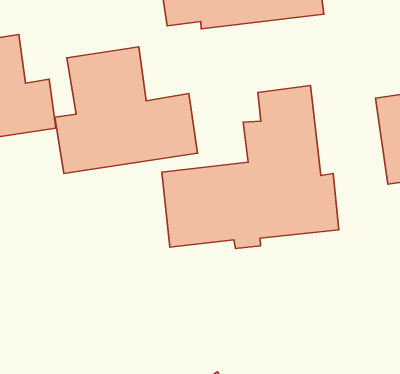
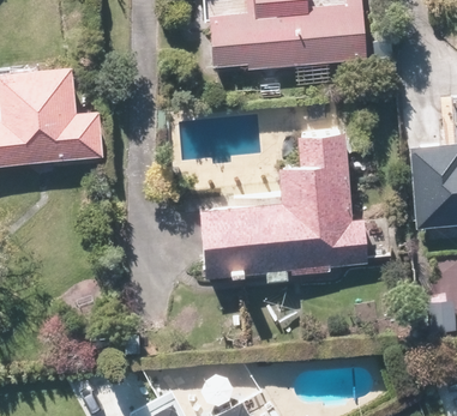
building: [55,47,198,173] -> none

